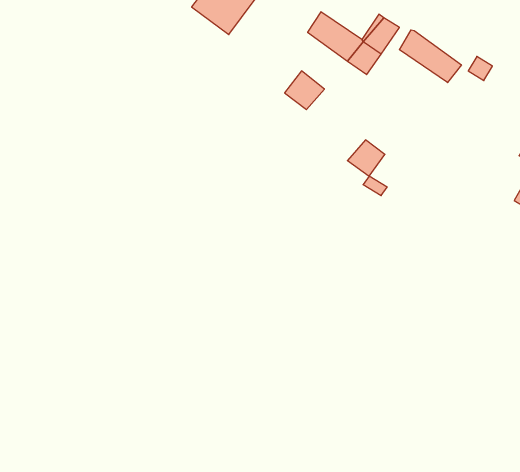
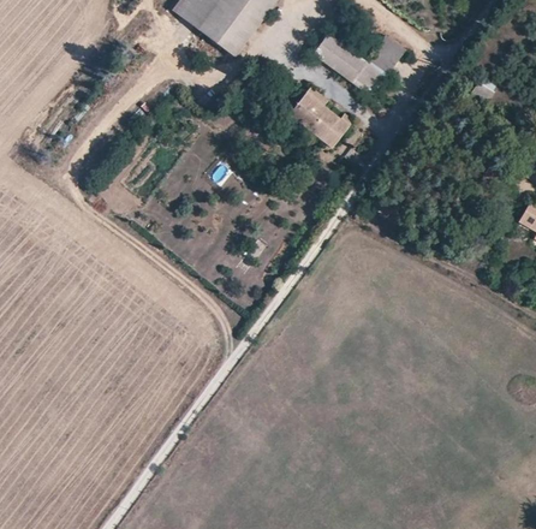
building: [399,30,461,83] -> none
building: [347,140,385,176] -> [310,108,347,144]

